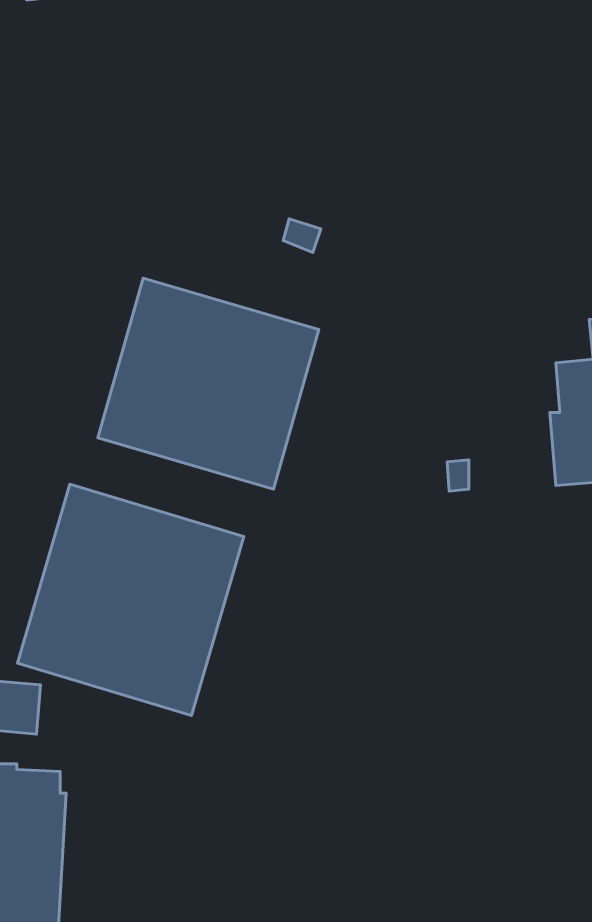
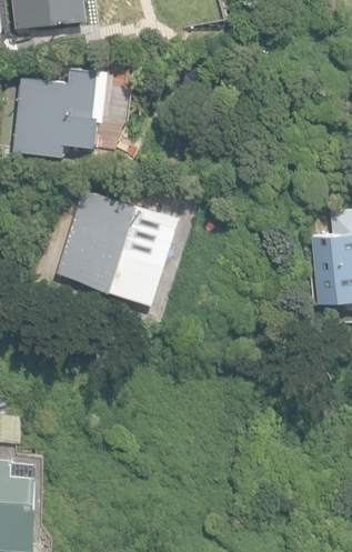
building: none -> [11,66,110,159]
building: [17,484,244,715] -> none

